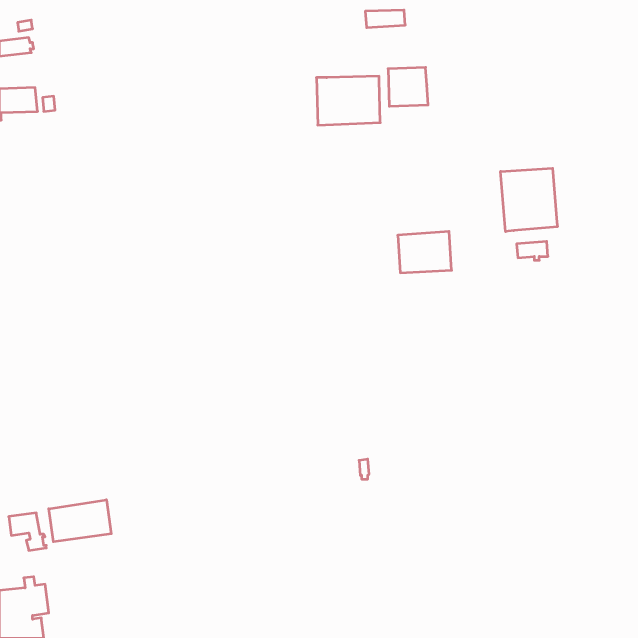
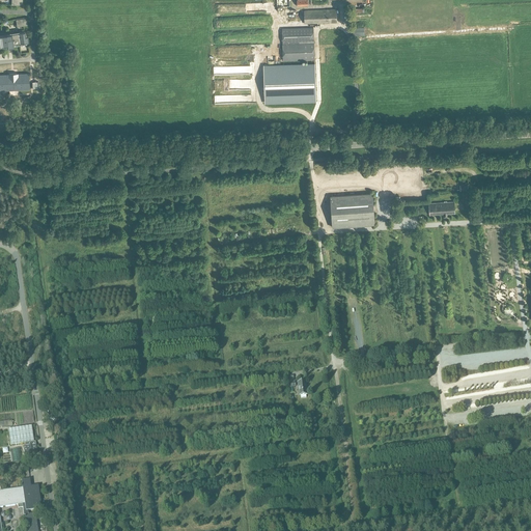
building: [388,67,428,106] -> [281,27,314,59]
building: [501,168,557,232] -> none
building: [49,500,111,542] -> none

